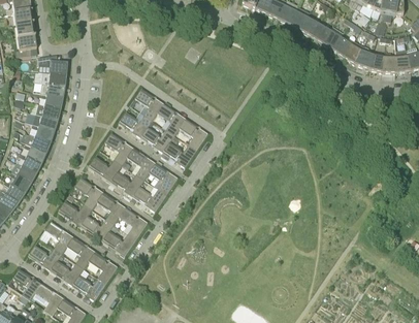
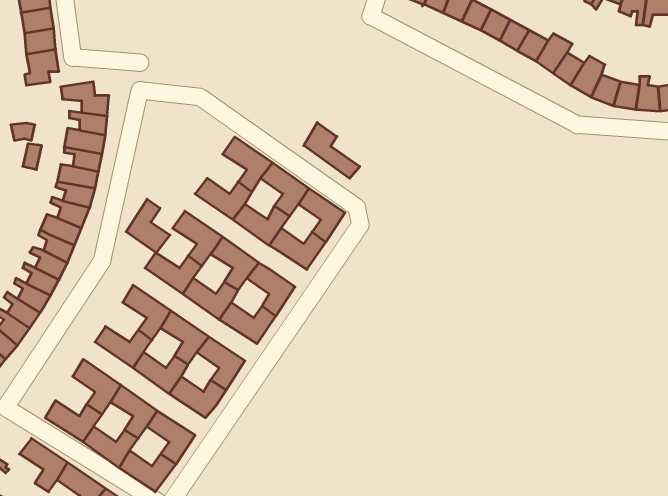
building: none -> [304,122,360,178]
building: none -> [126,199,170,253]

